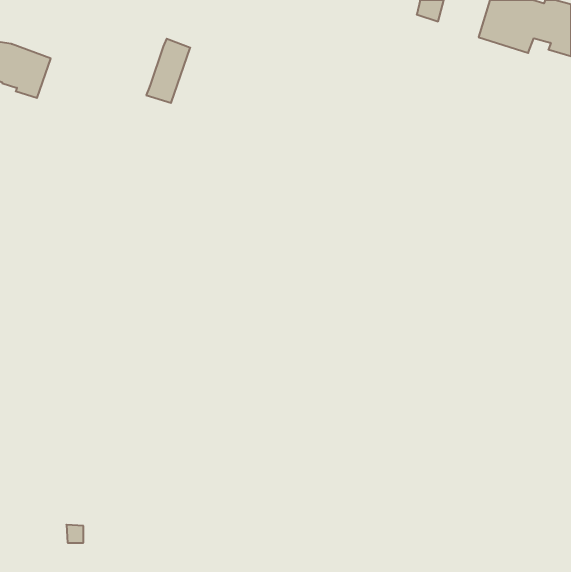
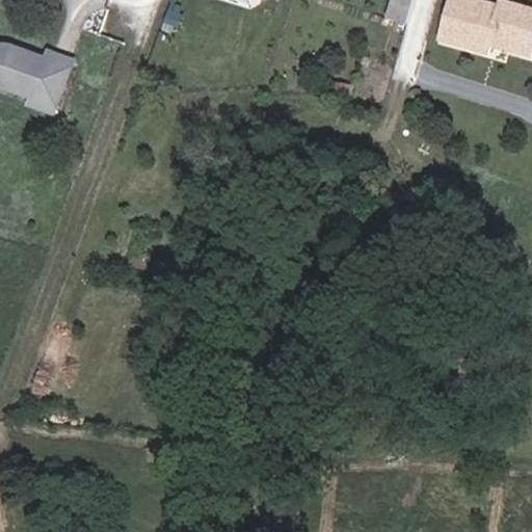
building: [146,39,190,103] -> [31,50,72,109]

